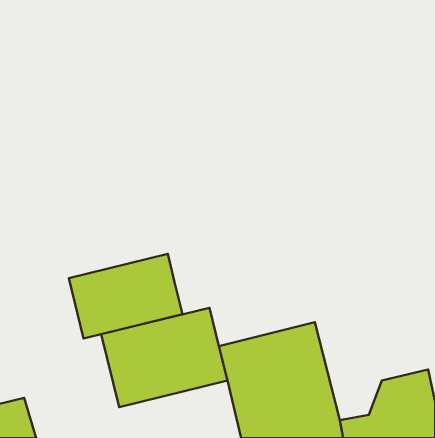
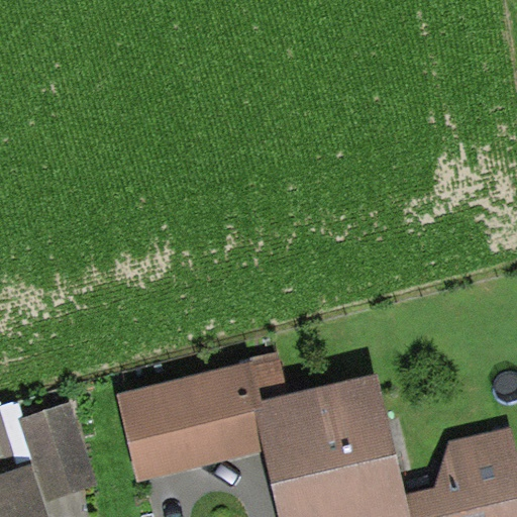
building: [69,254,183,339] -> none
building: none -> [22,403,96,502]

